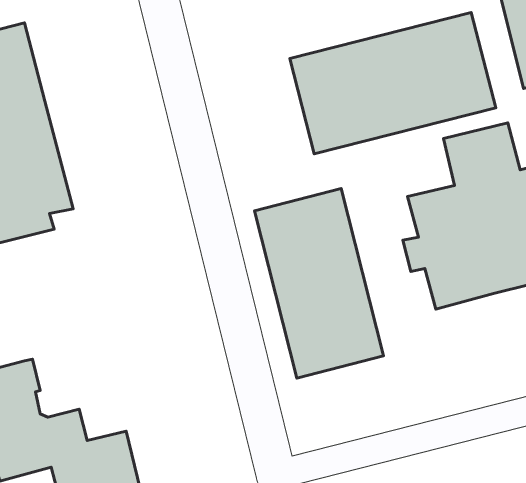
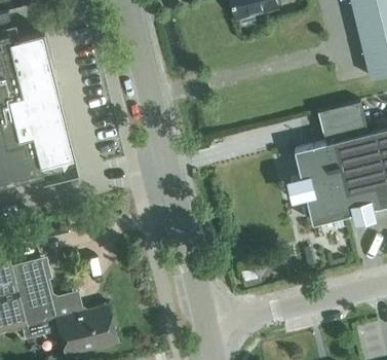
building: [290,13,496,154] -> none
building: [255,189,384,378] -> none

